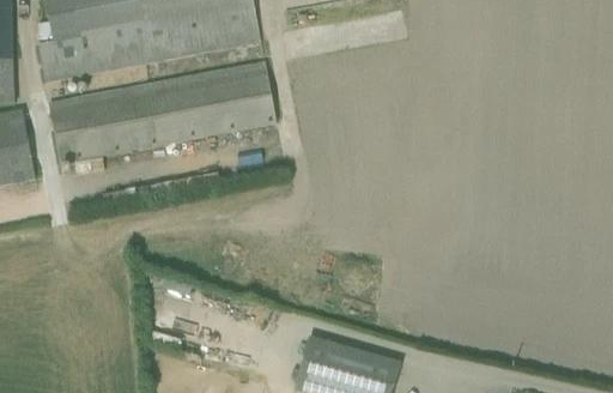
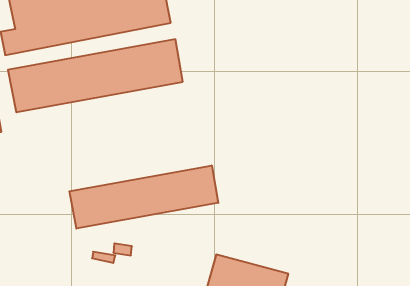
building: none -> [69,165,218,229]

